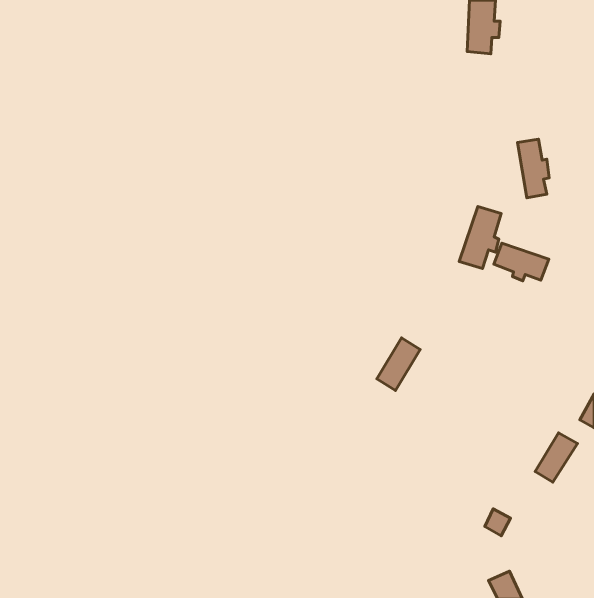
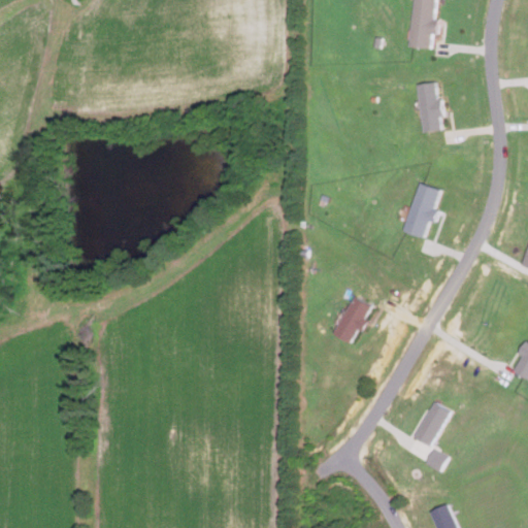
building: [518,139,549,198] -> [417,81,444,133]
building: [494,243,549,281] -> none
building: [535,433,577,482] -> [411,403,449,447]

